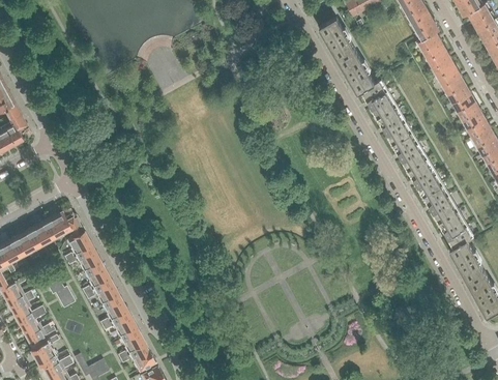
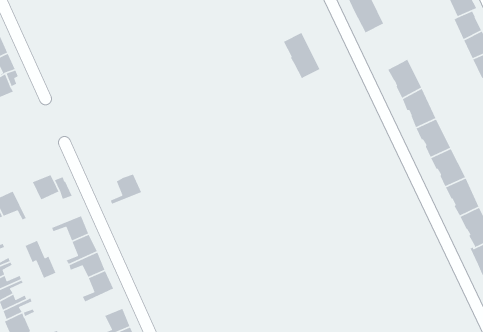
building: [339,51,375,94] -> [283,32,320,79]
building: [29,221,55,255] -> none
building: [64,231,93,261] -> [110,174,142,205]
building: [102,313,138,338] -> none

